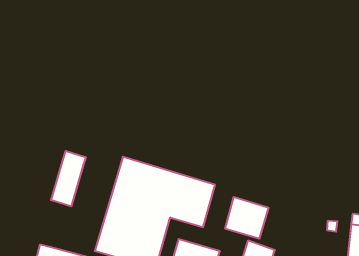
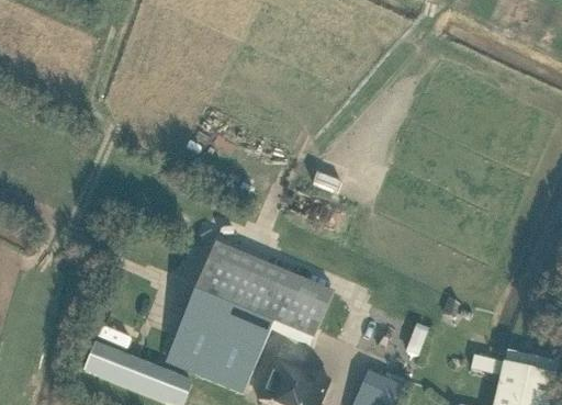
building: [51,151,86,206] -> none
building: [225,197,269,239] -> none

